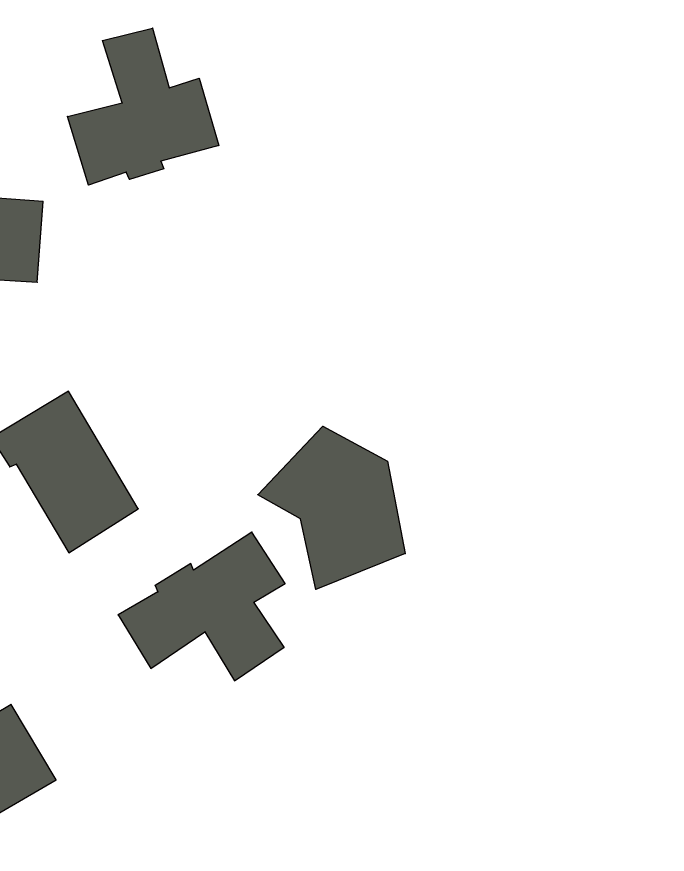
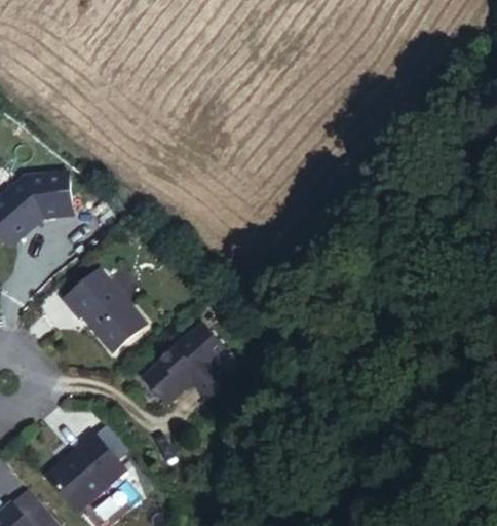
building: [67,28,219,185] -> none
building: [258,426,405,589] -> none

